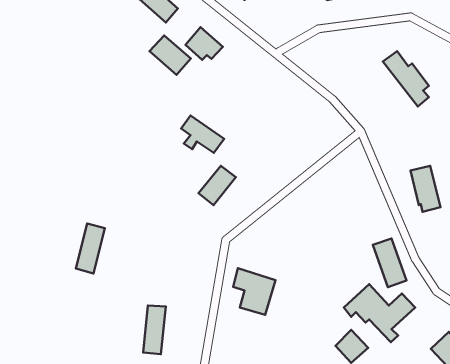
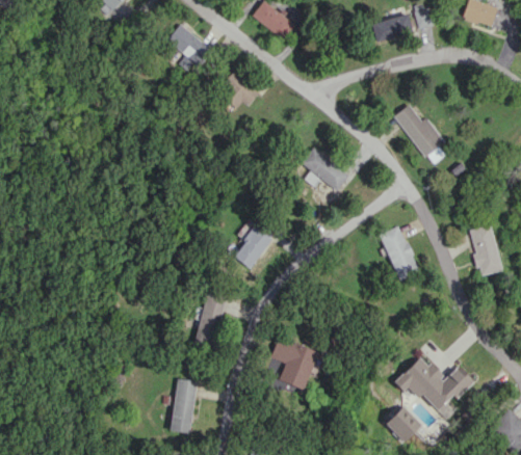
building: [149,35,191,75] -> none
building: [383,51,429,107] -> [393,104,444,165]
building: [181,115,224,153] -> [302,149,349,190]
building: [76,224,105,273] -> [194,292,227,347]
building: [373,238,407,287] -> [381,225,418,279]

